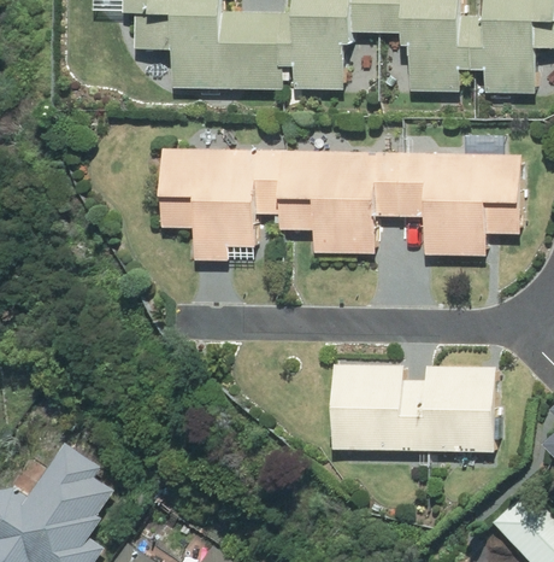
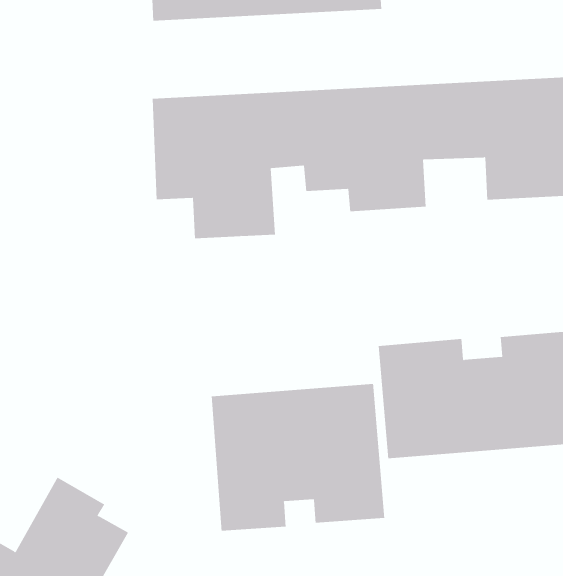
building: none -> [211,383,385,532]

